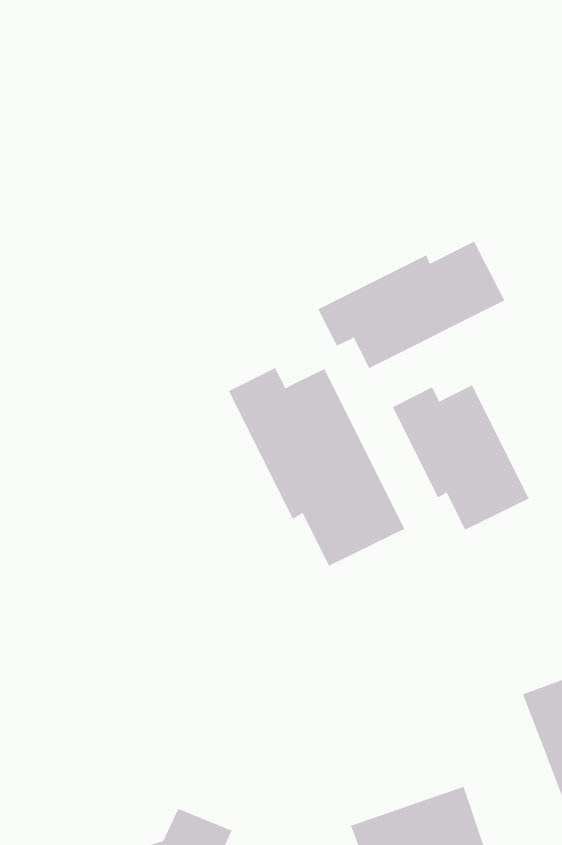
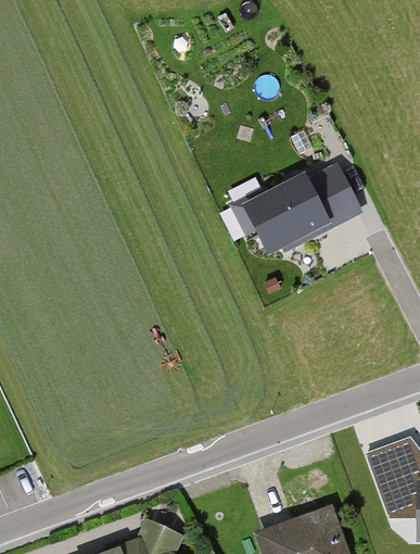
building: [228,367,405,566] -> none
building: [392,385,530,530] -> none

